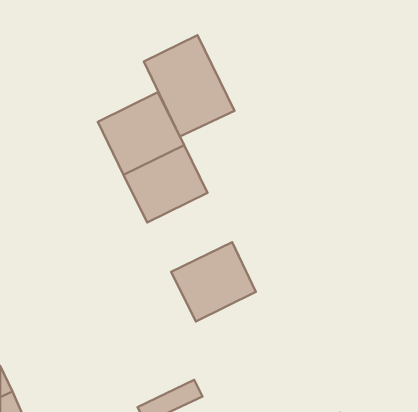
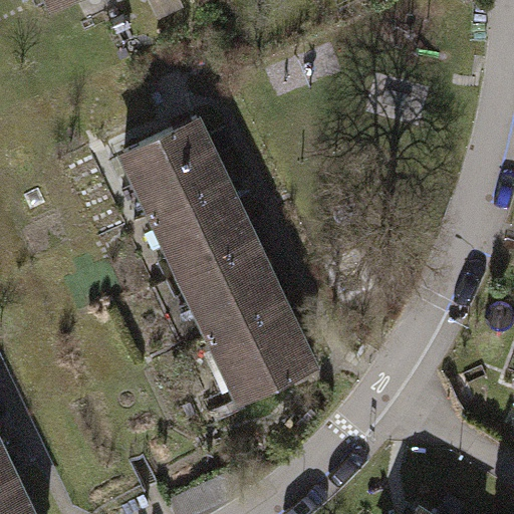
building: [144,35,234,136] -> none
building: none -> [183,246,286,342]

